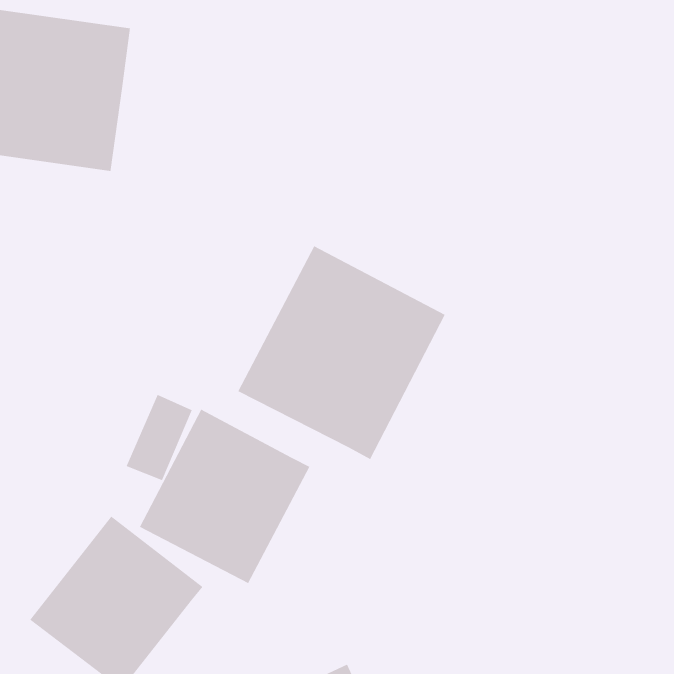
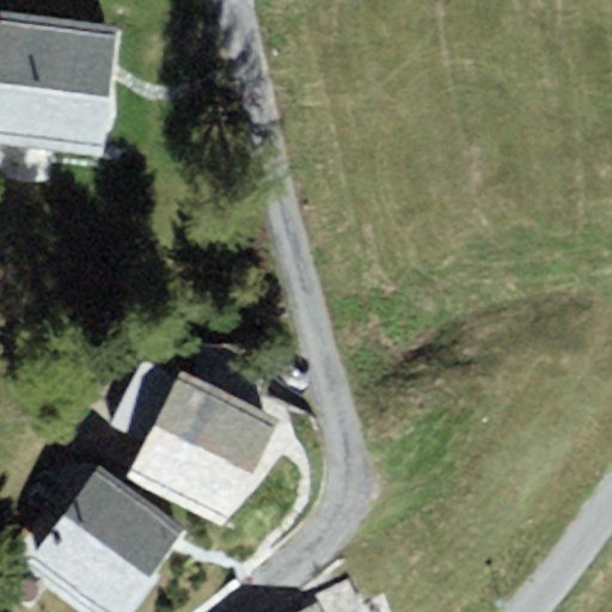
building: [237,245,446,460] -> none

